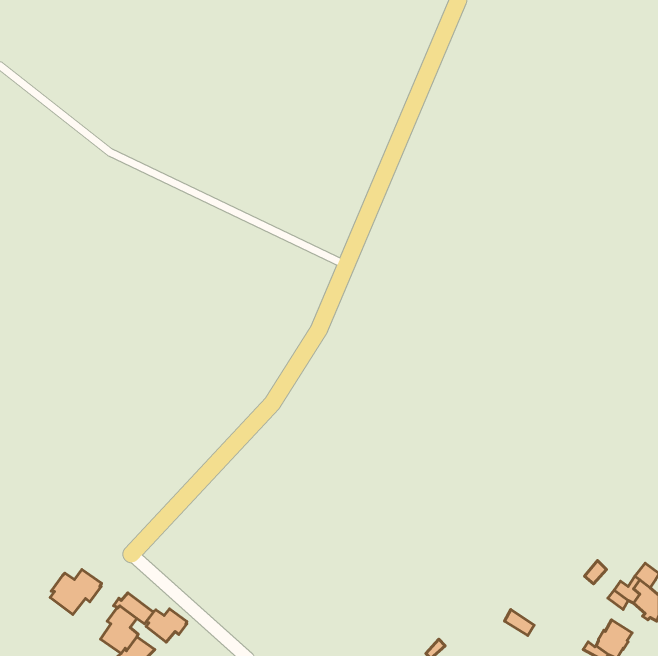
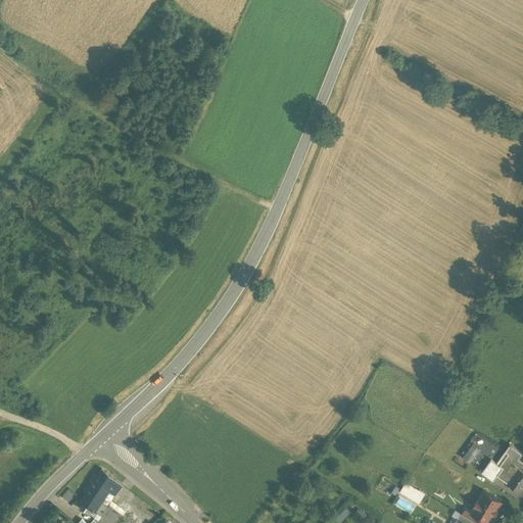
building: [50,570,102,615] -> none
building: [146,609,187,642] -> none

